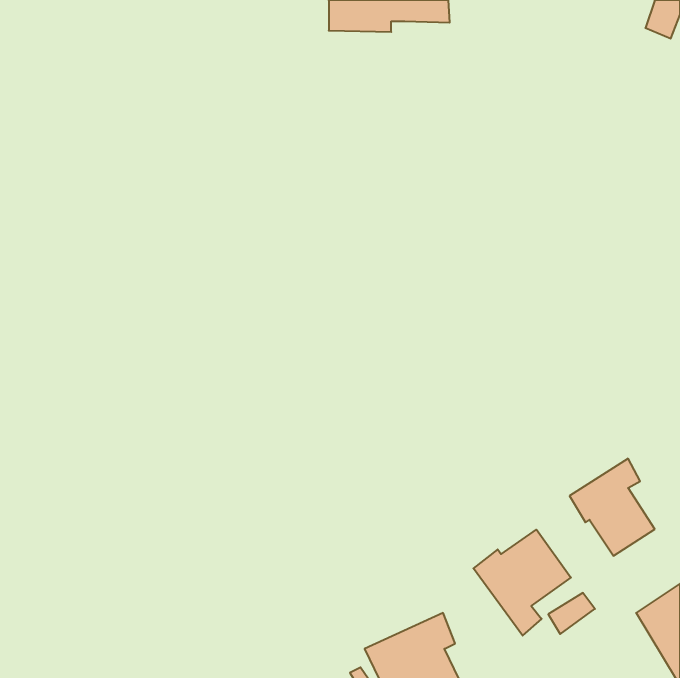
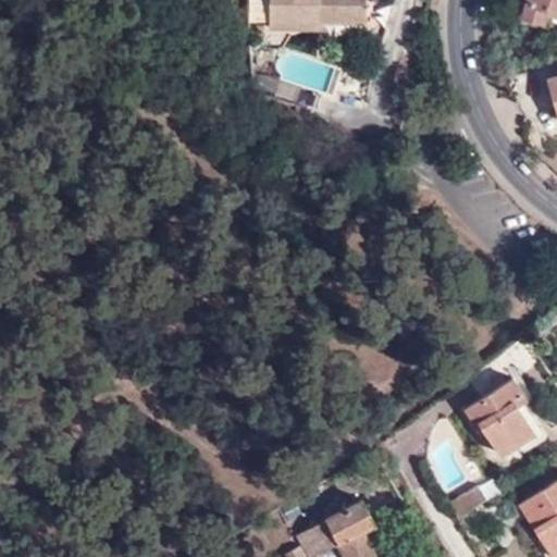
building: [473,530,571,636] -> none

